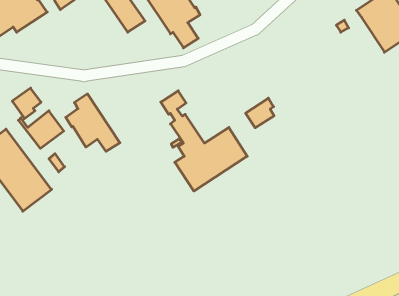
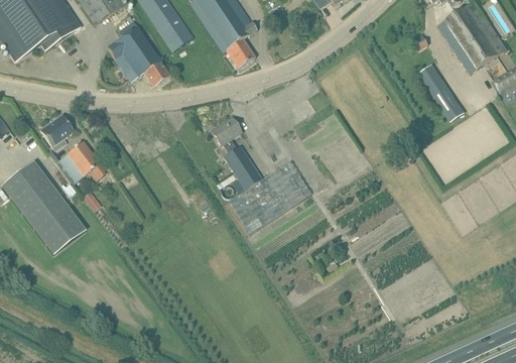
building: none -> [418,64,464,120]
building: [66,94,120,151] -> [108,19,170,86]
building: [246,98,274,128] -> none

